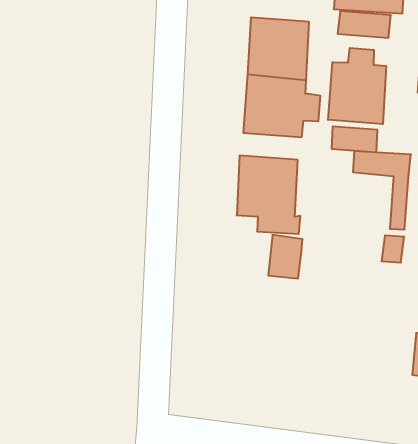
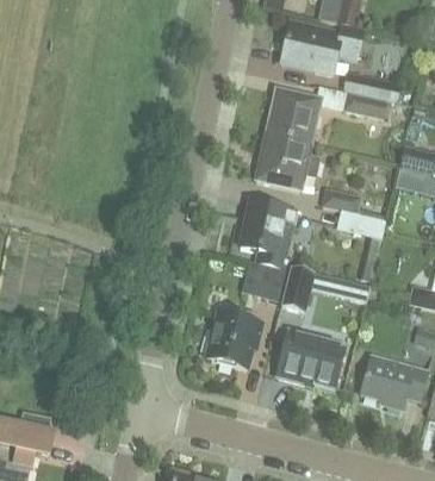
building: [328,48,386,124] -> none
building: none -> [280,263,313,308]
building: none -> [205,302,262,367]
building: none -> [276,329,343,386]

